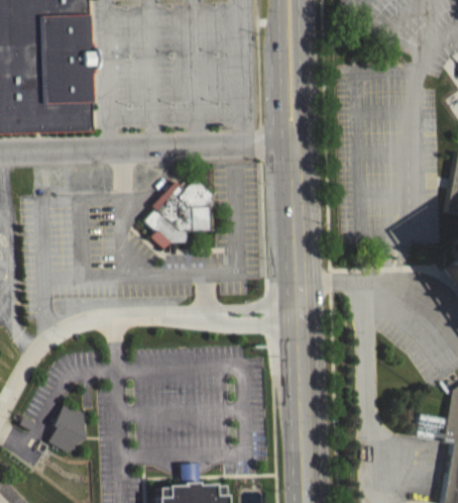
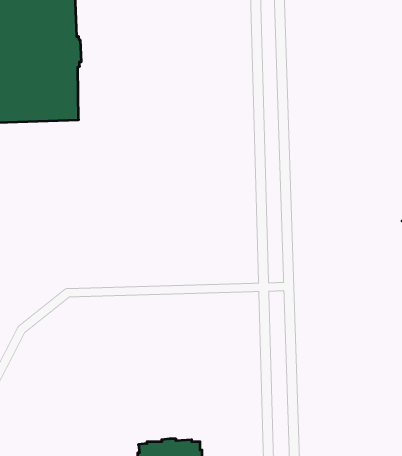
building: [144,182,215,251] -> none
building: [48,399,85,449] -> none

